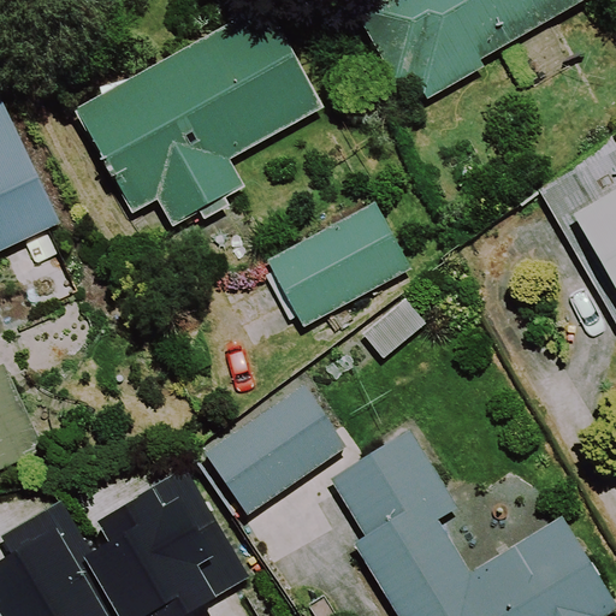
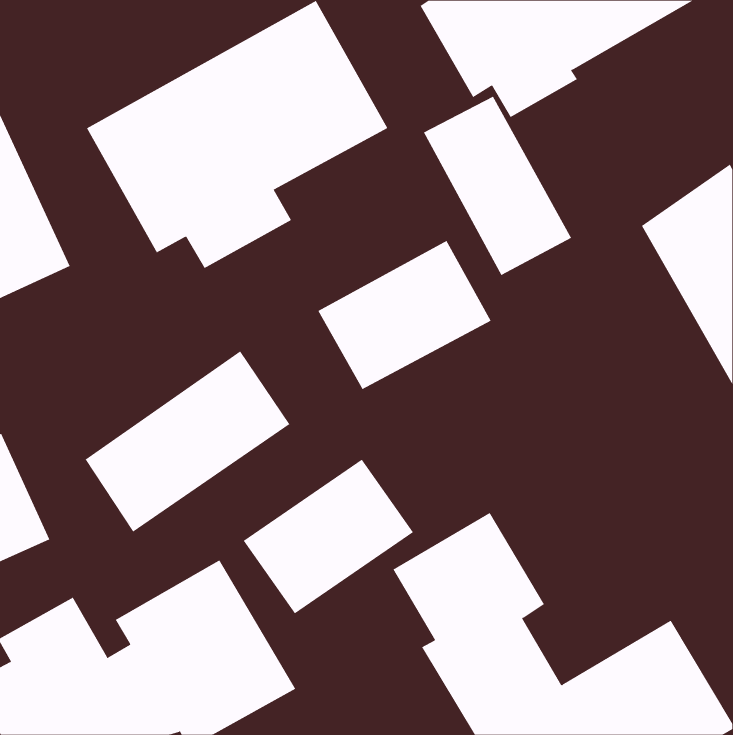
building: none -> [423,96,572,276]
building: none -> [85,351,290,532]

